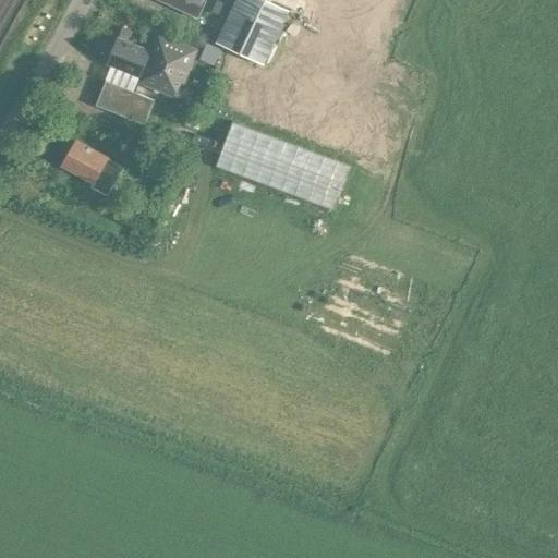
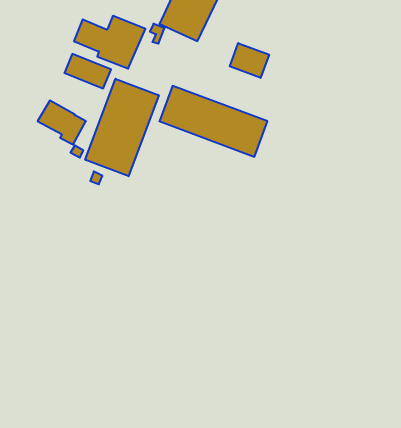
building: none -> [230,43,269,78]
building: none -> [85,79,159,176]

